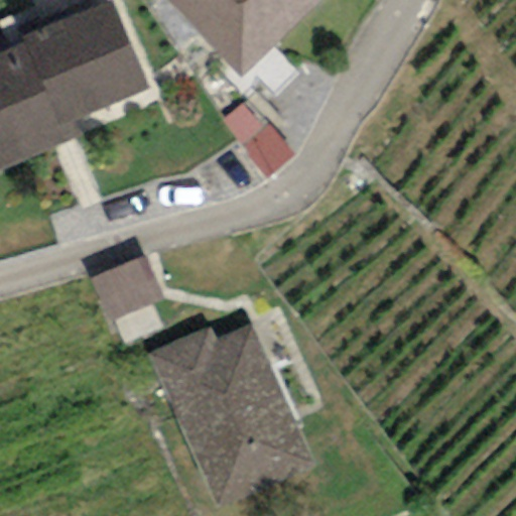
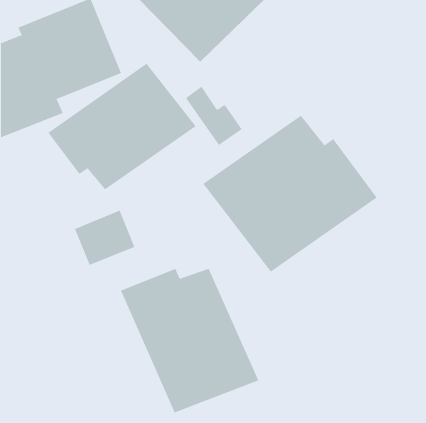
building: none -> [47,63,196,190]
building: none -> [203,115,377,273]

